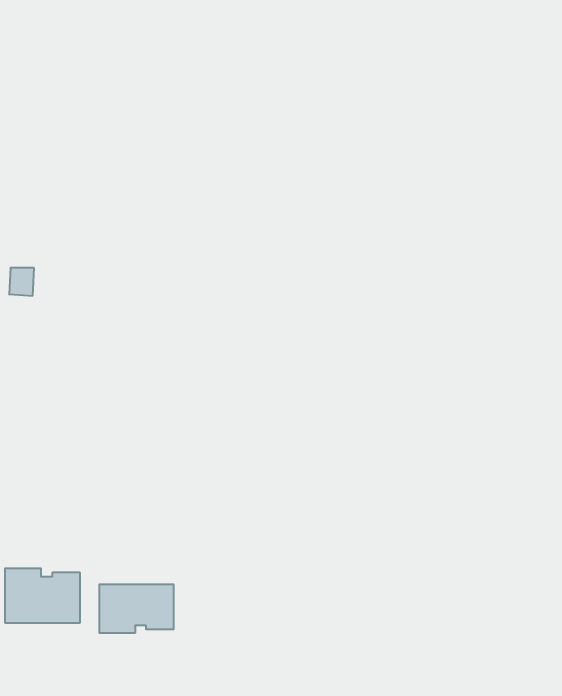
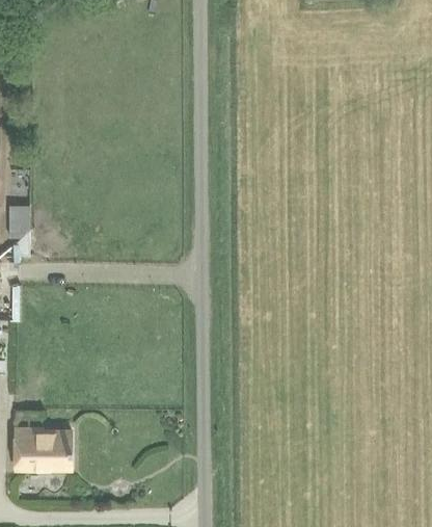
building: [99,584,174,633] -> none

